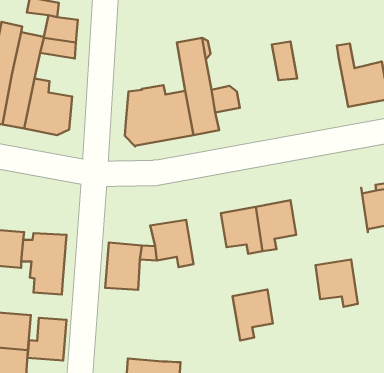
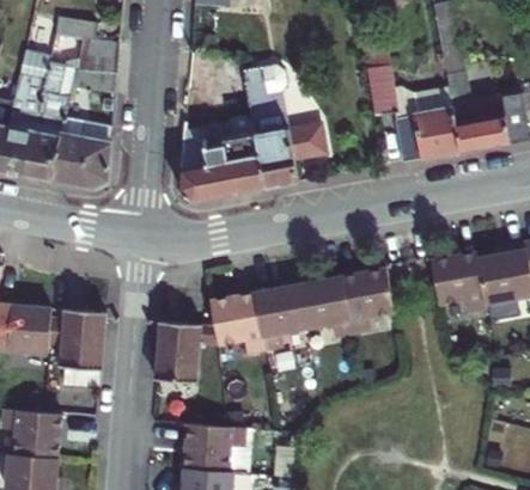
building: none -> [396,87,463,161]
building: [315,260,358,307] -> [434,253,488,313]
building: [233,290,273,340] -> [257,286,309,350]
building: [27,318,66,360] -> none
building: none -> [183,425,249,474]

